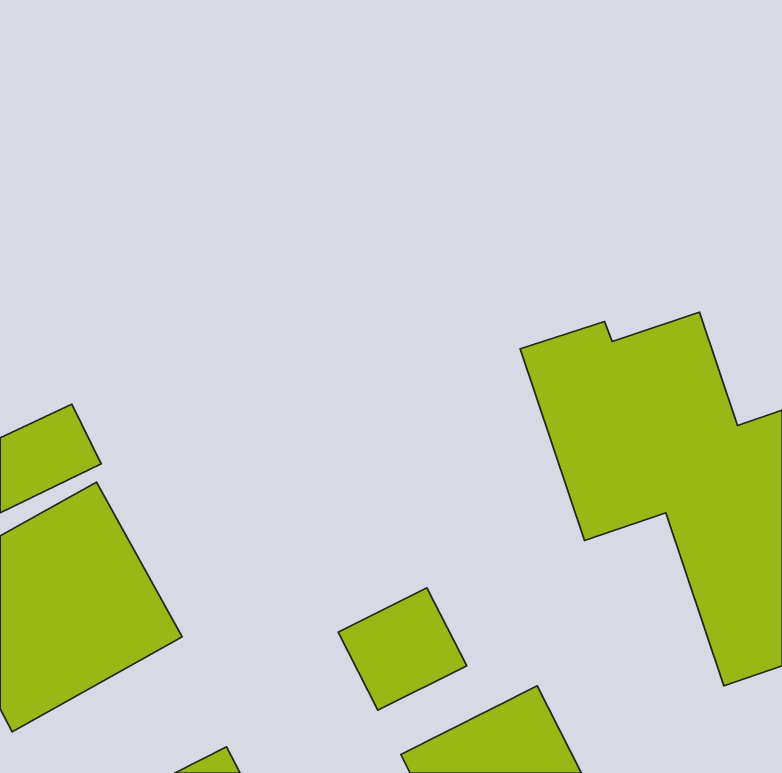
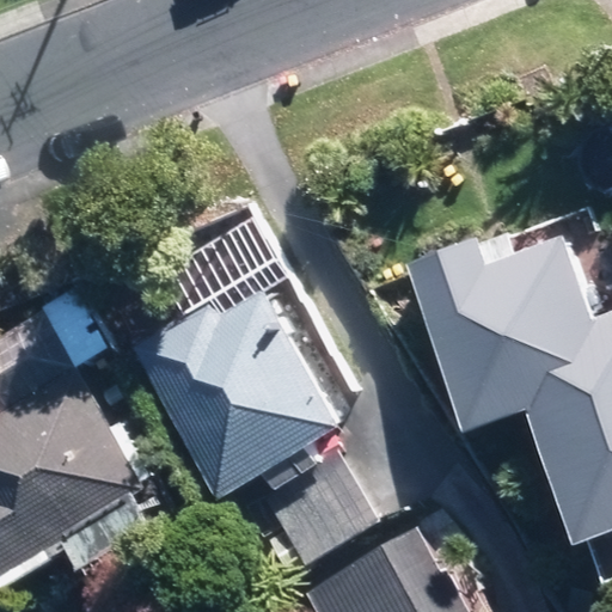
building: none -> [135,277,342,494]

